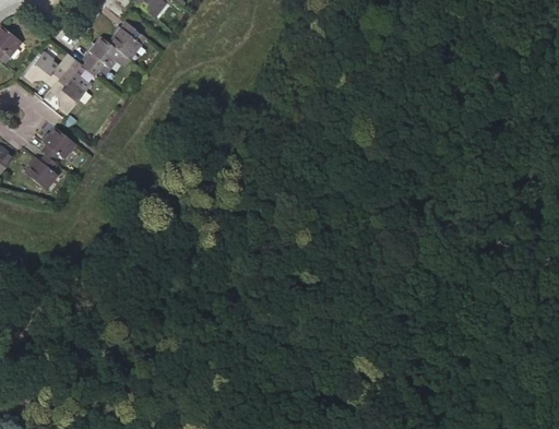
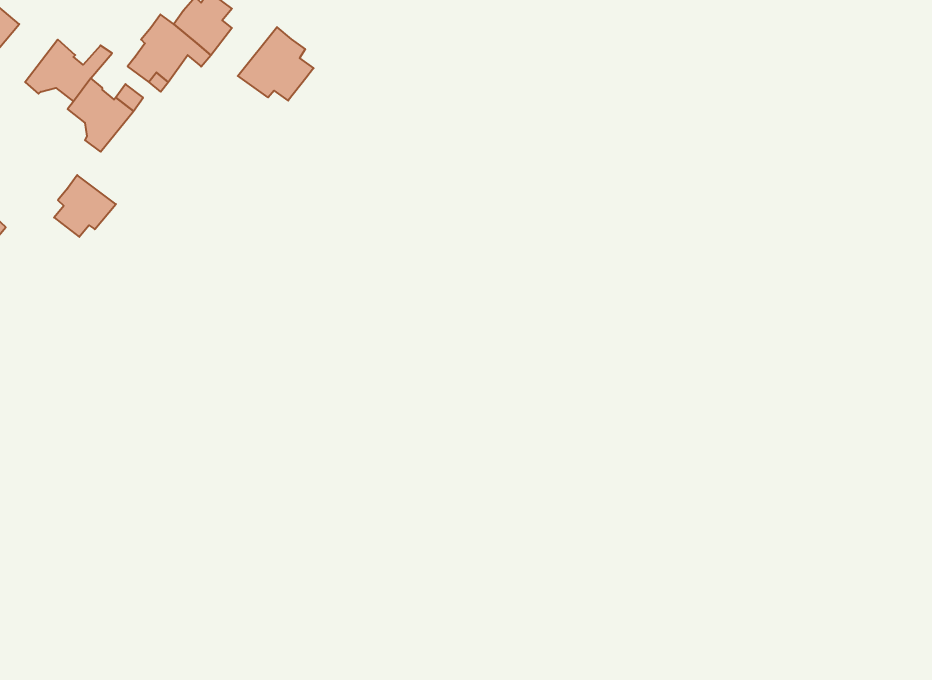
building: none -> [238,27,314,101]
building: [24,155,57,190] -> none

